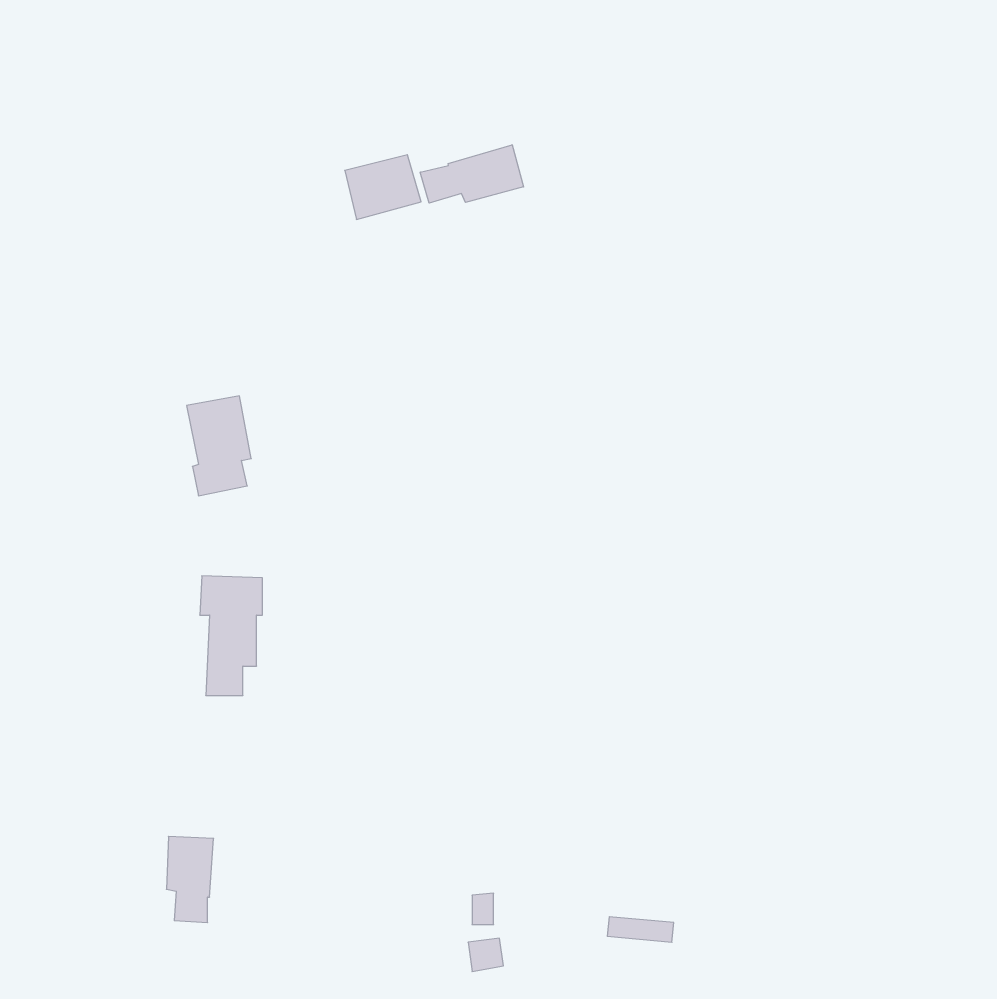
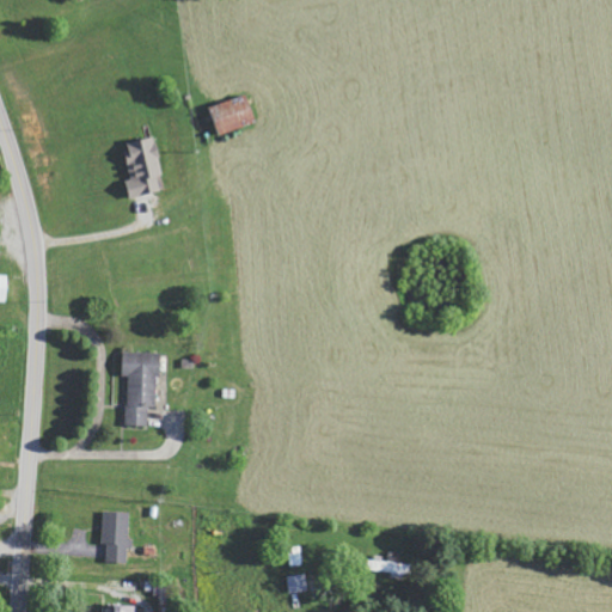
building: [420,145,524,203] -> none
building: [187,396,251,496] -> [123,136,163,197]

